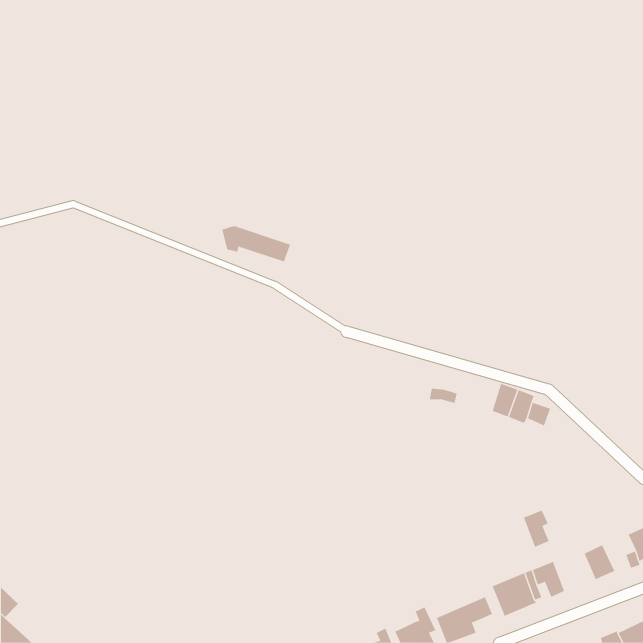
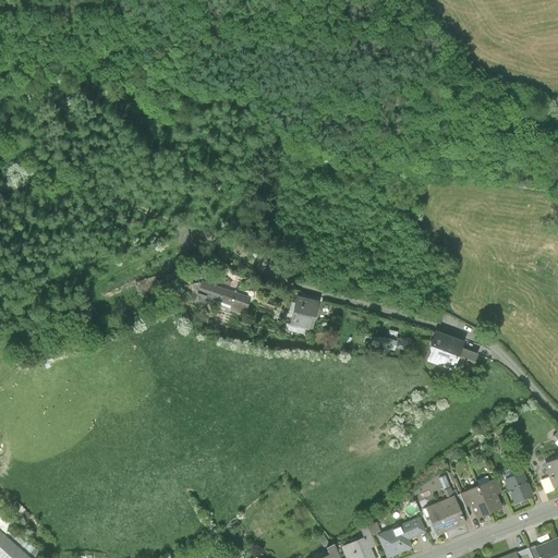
building: [221,226,291,262] -> [192,281,252,313]
building: none -> [290,299,320,329]
building: [523,510,550,548] -> [480,478,502,511]

